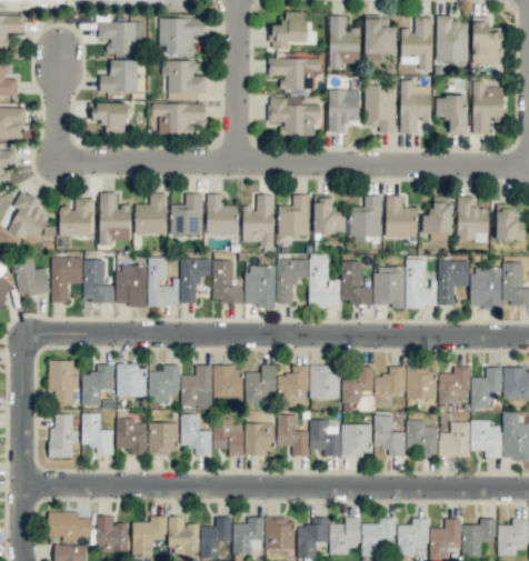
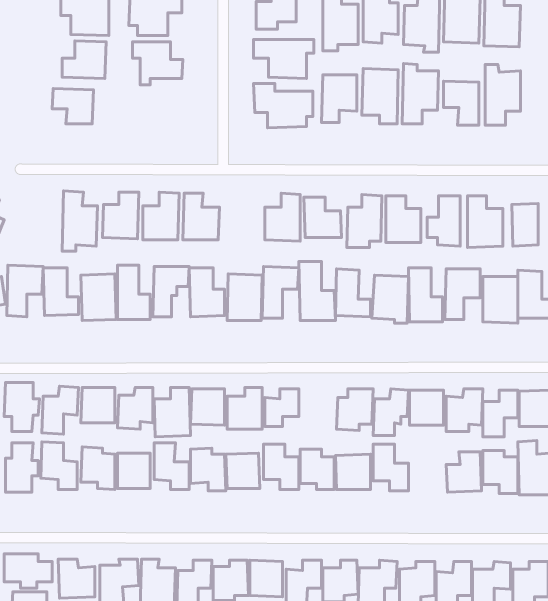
building: [152,103,206,136] -> none
building: [242,194,273,248] -> none
building: [59,198,91,237] -> none
building: [309,365,339,399] -> none
building: [406,420,436,454] -> none

